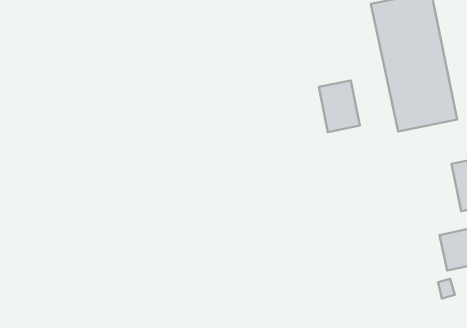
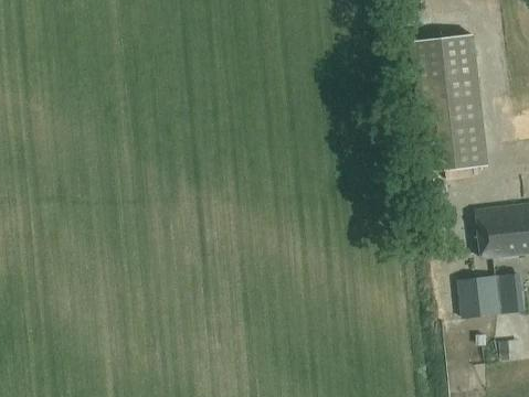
building: [319,81,360,132] -> none

